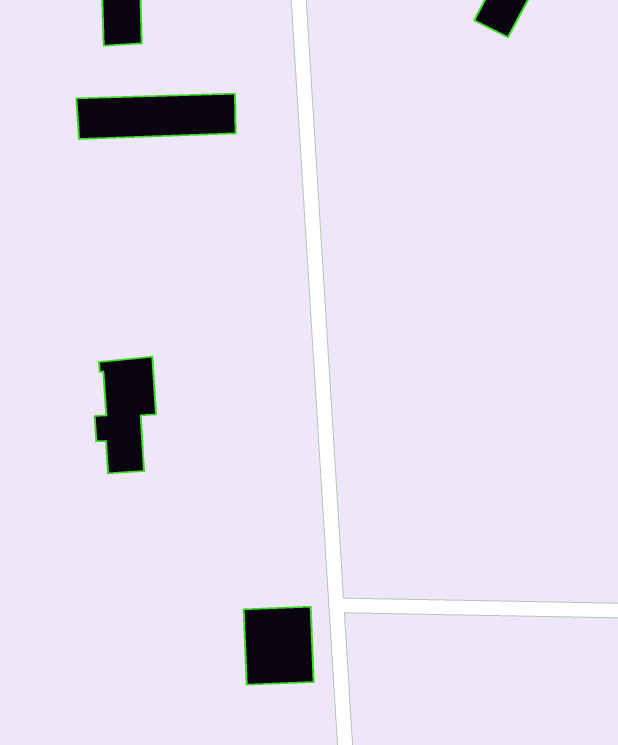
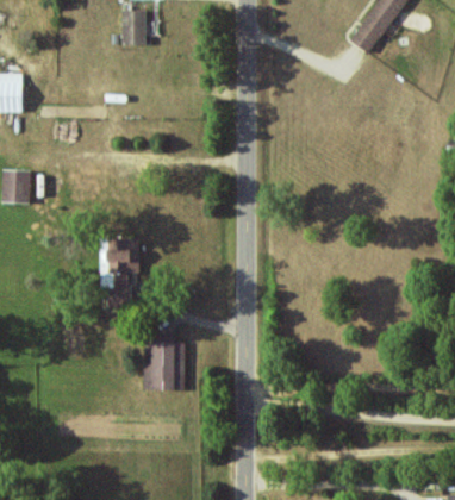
building: [77,94,235,139] -> none
building: [244,607,314,684] -> [143,342,186,389]

